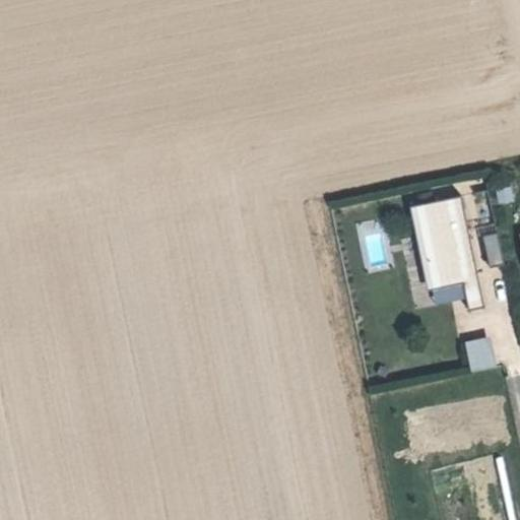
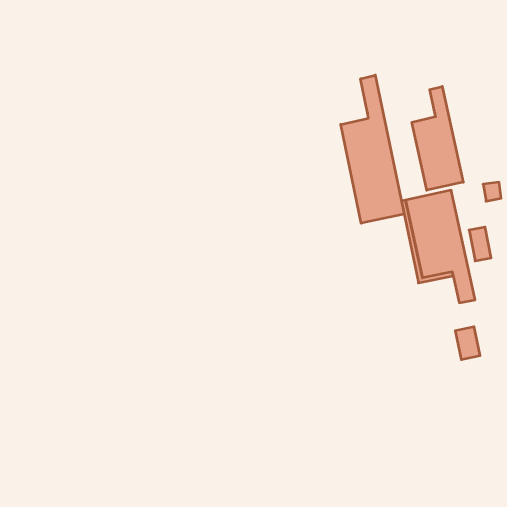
building: none -> [341,75,404,223]
building: none -> [412,86,463,190]

